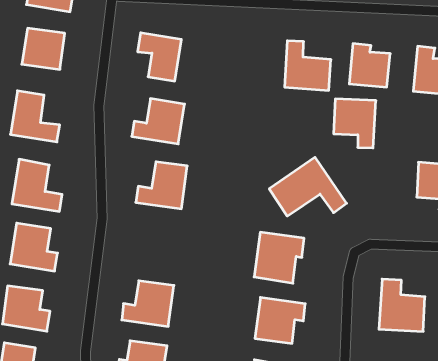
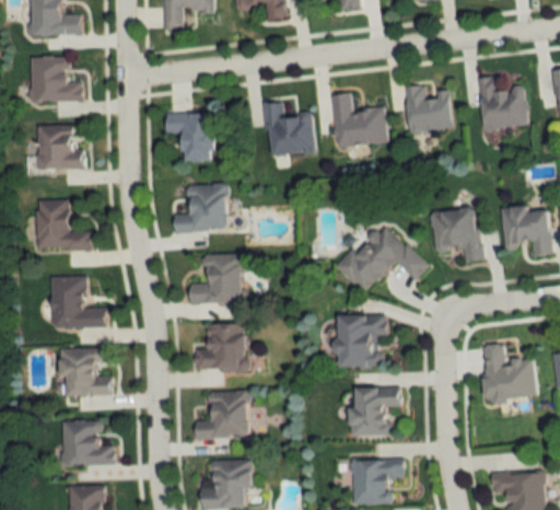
building: none -> [265,103,315,157]
building: [334,99,376,148] -> [431,207,482,263]
building: none -> [196,324,247,371]

